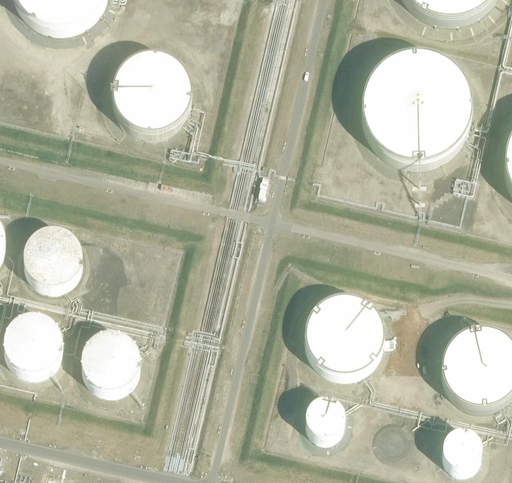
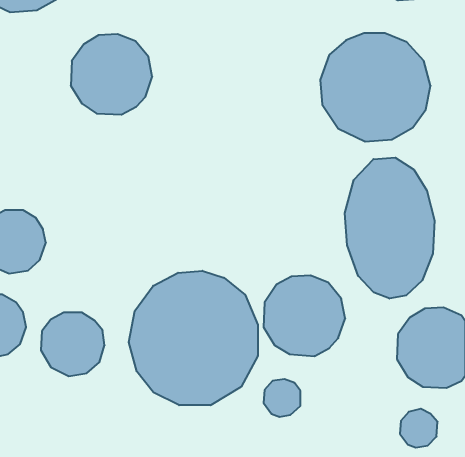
building: none -> [345,158,435,299]
building: none -> [129,271,258,405]

